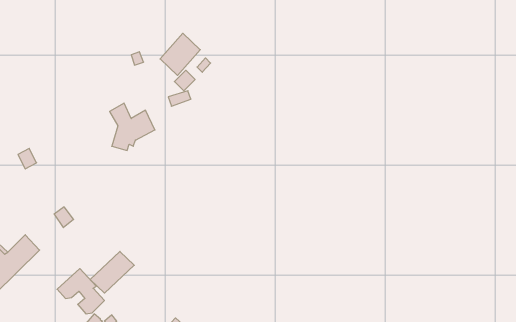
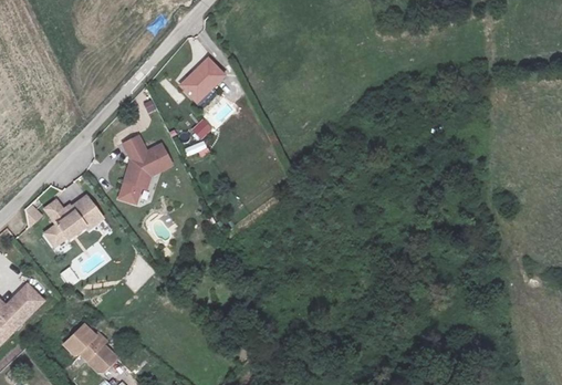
building: none -> [43,200,95,251]
building: [90,251,134,293] -> none

